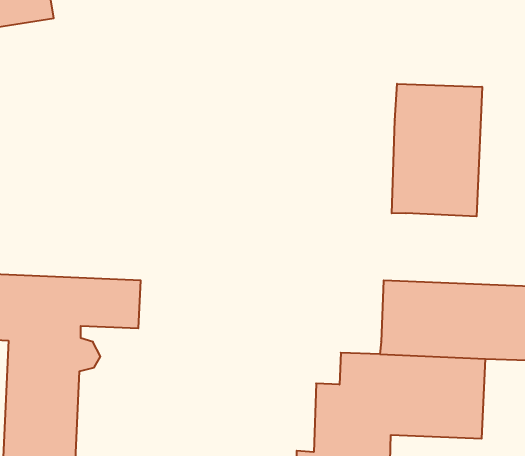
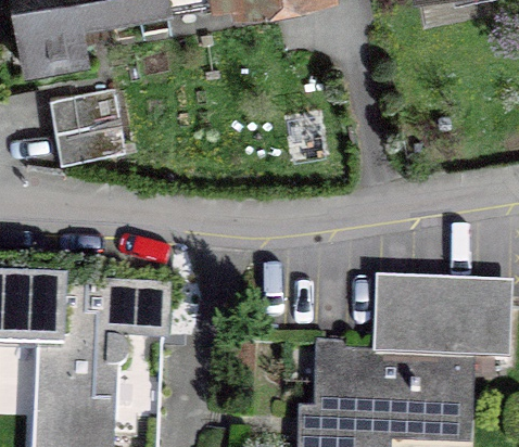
building: none -> [49,88,124,163]
building: [392,84,482,216] -> none

